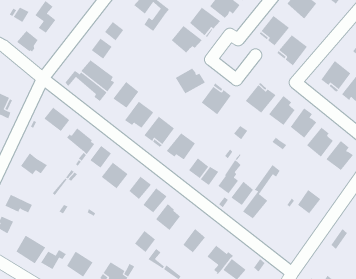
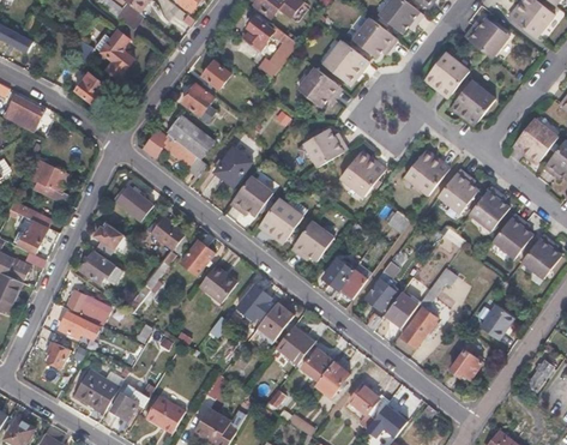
building: none -> [92,222,123,259]
building: none -> [66,289,109,324]
building: none -> [450,350,482,380]
building: [134,230,156,253] -> [301,347,332,379]

